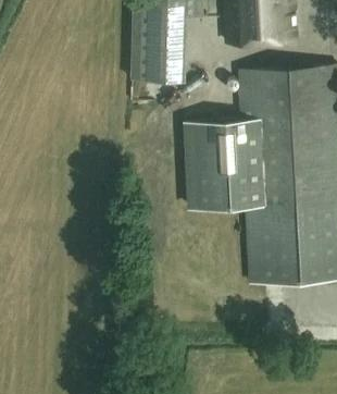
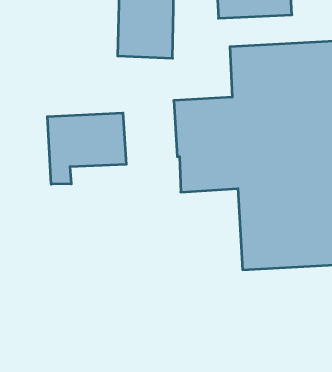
building: none -> [47,113,126,184]

